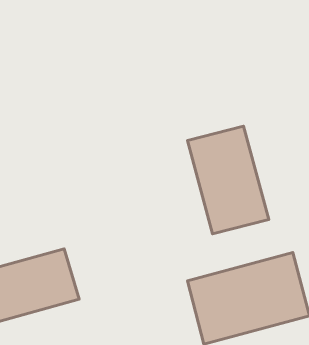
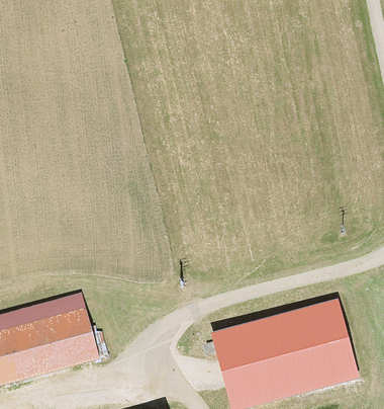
building: [187,126,269,234] -> none

